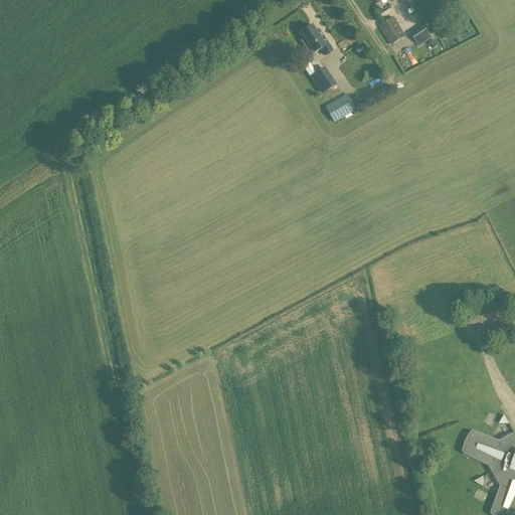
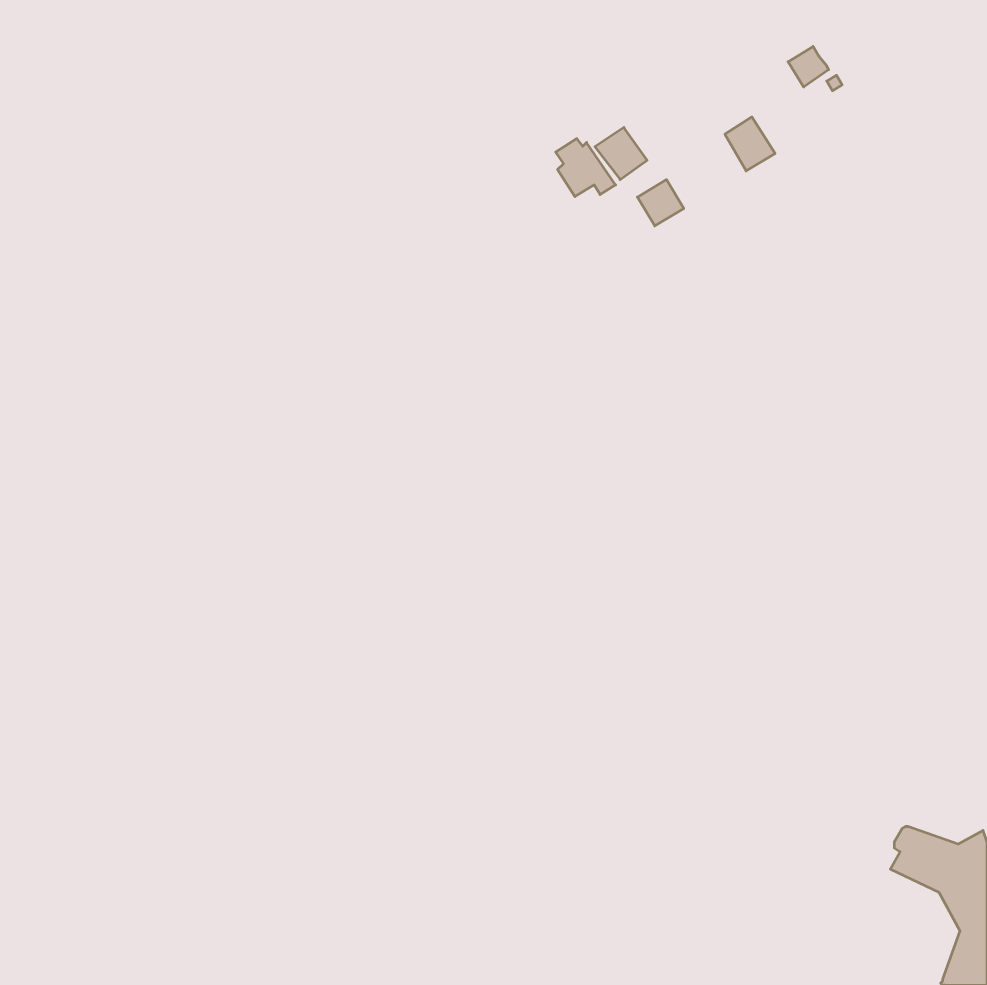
building: [379,16,405,44] -> [725,117,775,171]
building: [301,24,332,54] -> [556,139,616,197]

